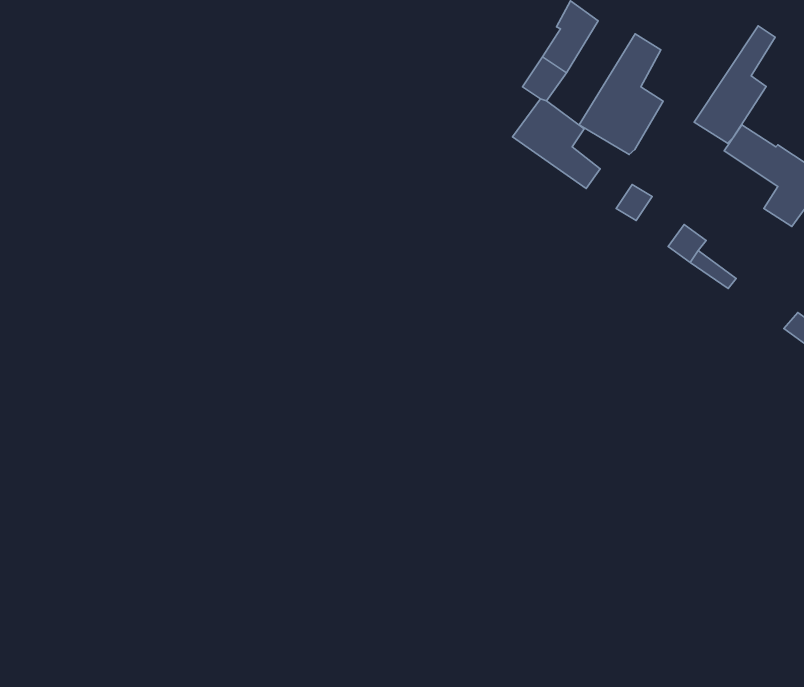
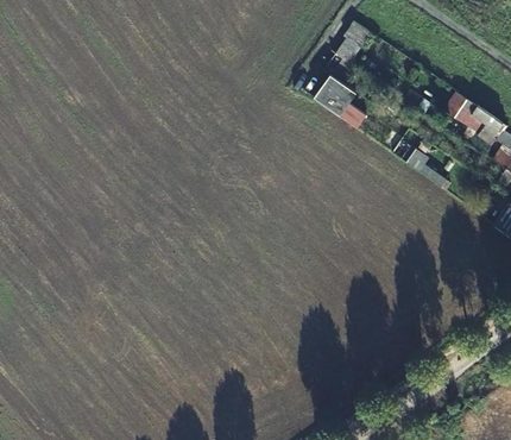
building: [694,26,775,143] -> none
building: [579,34,663,154] -> none

